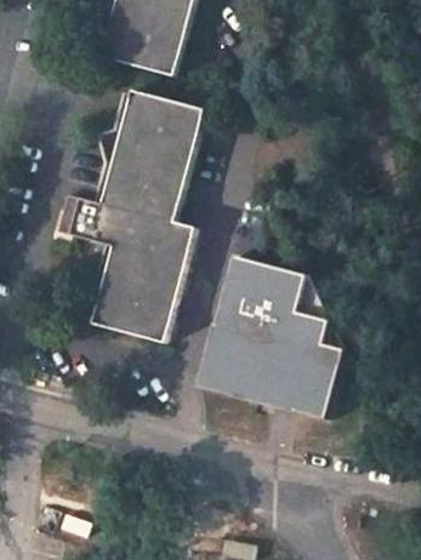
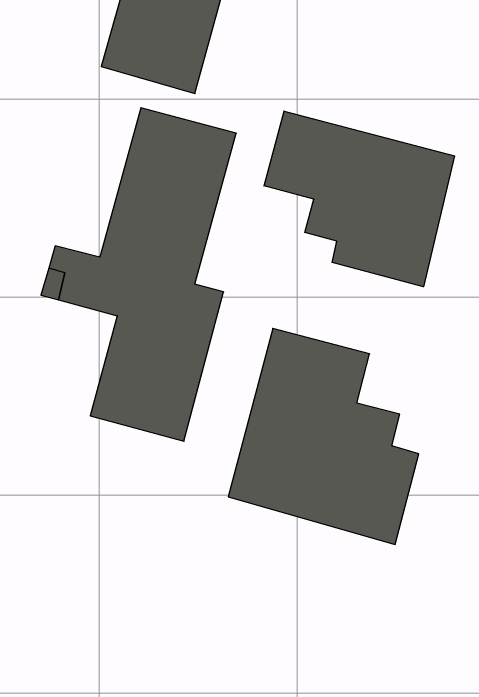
building: none -> [264,111,454,287]

